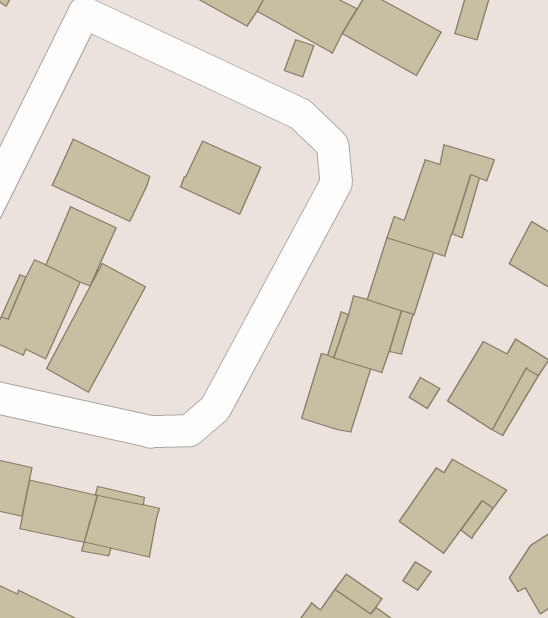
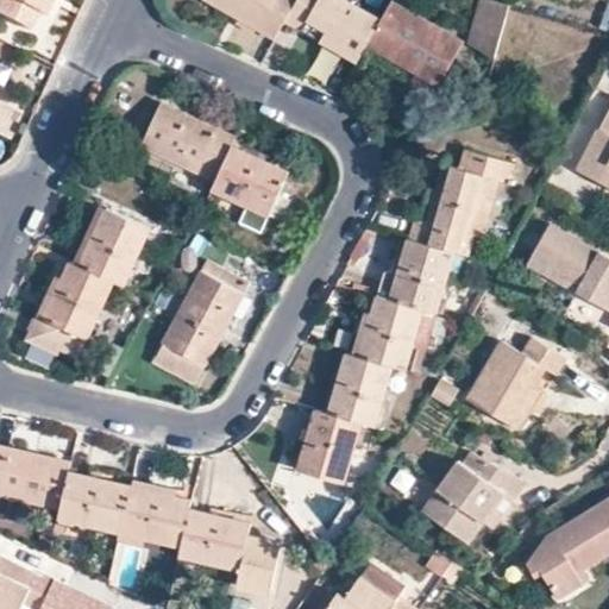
building: [52,139,150,221] -> [139,102,233,181]
building: [47,263,145,392] -> [151,260,246,384]
building: none -> [296,409,360,483]
building: none -> [178,508,278,590]

